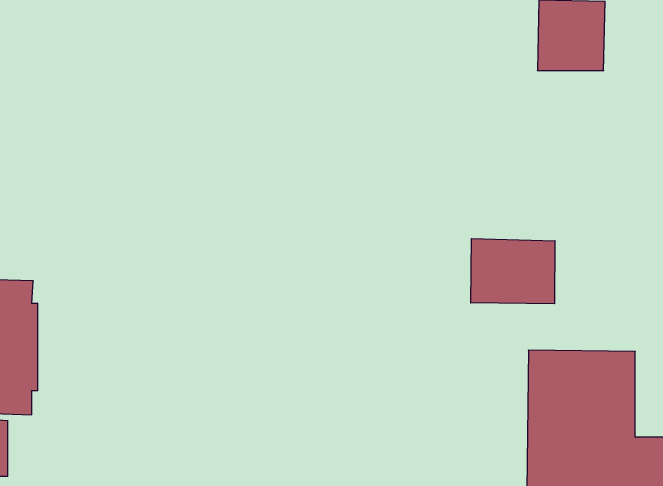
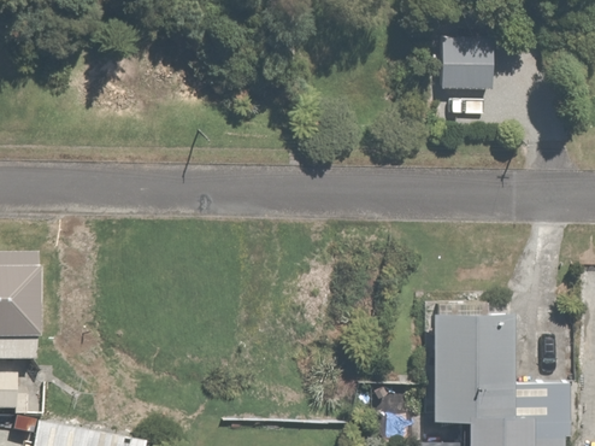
building: [471,239,555,304] -> none

